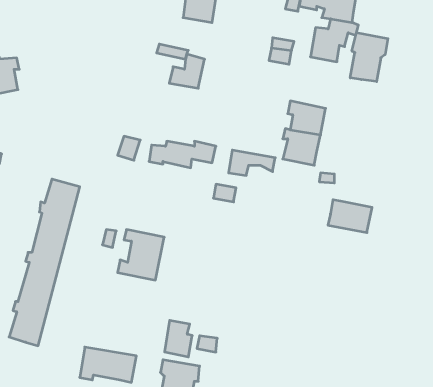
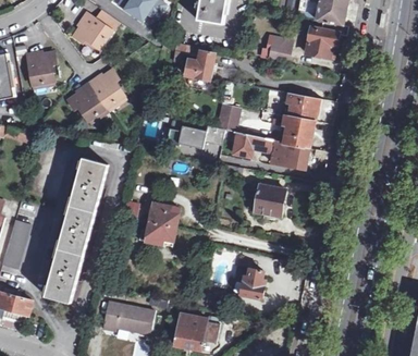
building: none -> [72,10,112,47]
building: [350,33,388,82] -> none
building: none -> [66,67,123,116]
building: none -> [216,100,238,128]
building: [328,200,372,233] -> [271,137,309,165]
building: none -> [255,182,285,212]
building: [165,320,192,357] -> [242,265,266,296]

